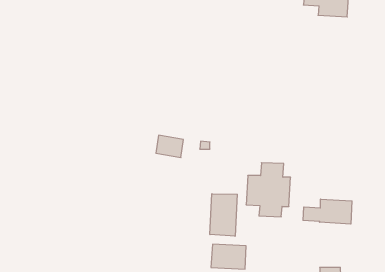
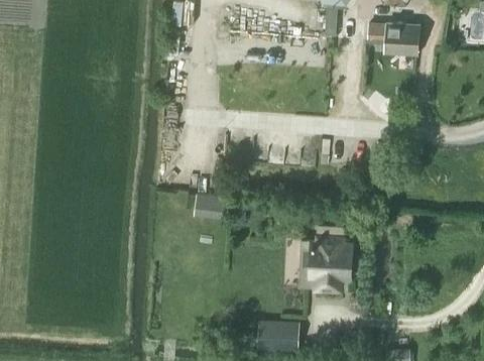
building: [210,194,237,236] -> none
building: [303,199,352,224] -> none

